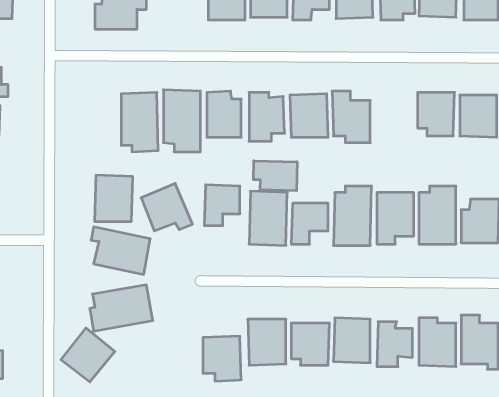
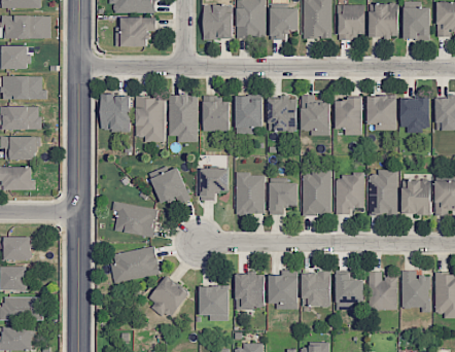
building: none -> [336,99,362,135]
building: [253,161,297,191] -> none
building: [95,175,133,221] -> [101,95,131,131]
building: [61,328,115,382] -> [147,276,189,318]

